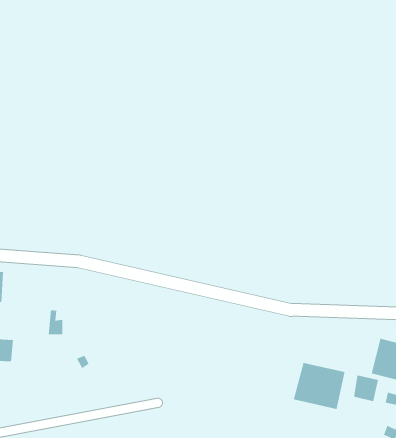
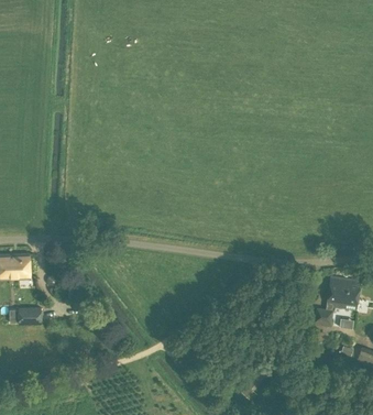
building: [293,362,345,410] -> none

